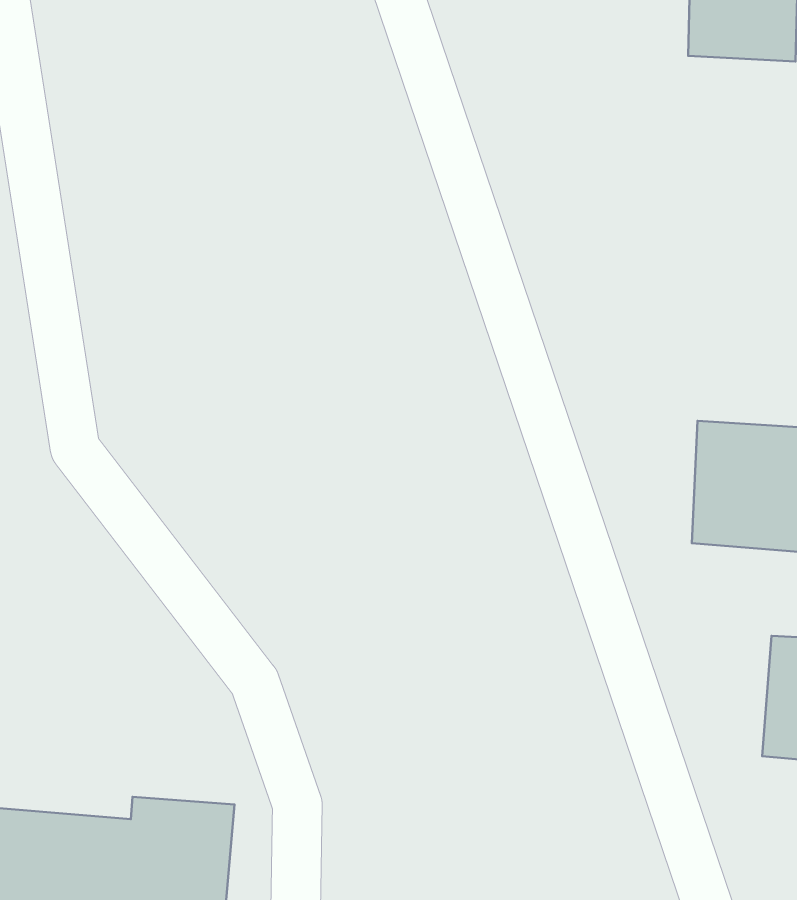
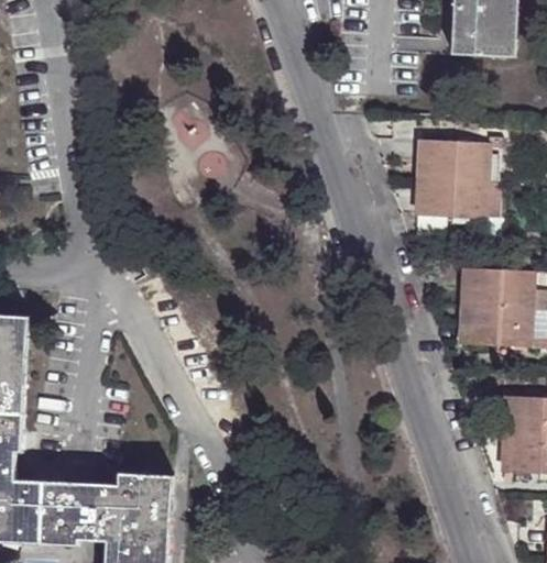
building: none -> [413,137,486,216]

